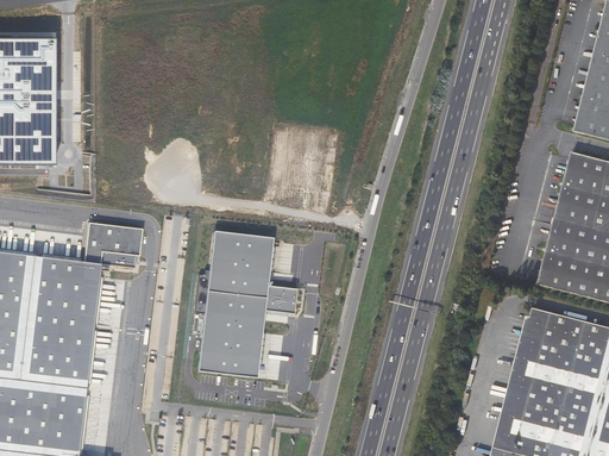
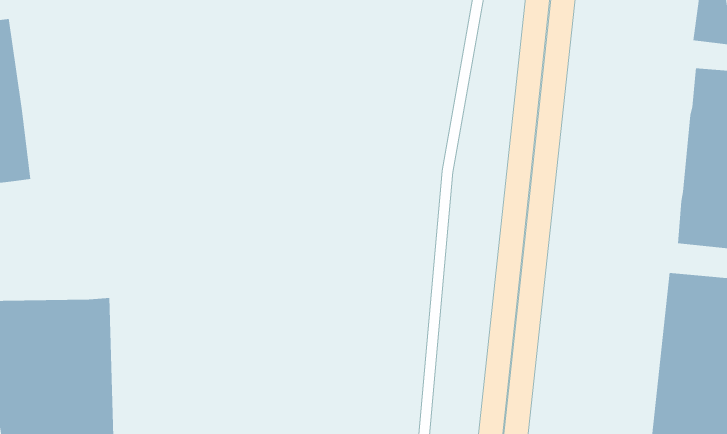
building: [83,221,139,268] -> none
building: [194,230,295,377] -> none

